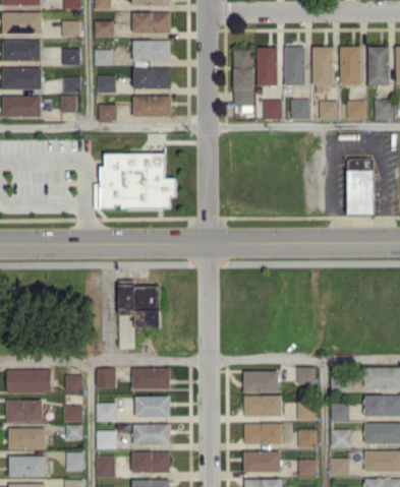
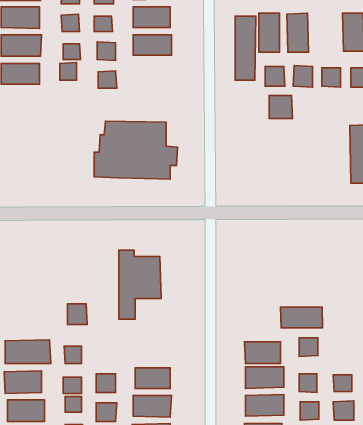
building: [312,47,334,85] -> none
building: [133,96,172,117] -> none
building: none -> [269,95,293,119]
building: none -> [281,307,323,328]
building: [97,368,116,388] -> [68,304,87,324]
building: [132,368,170,389] -> none

